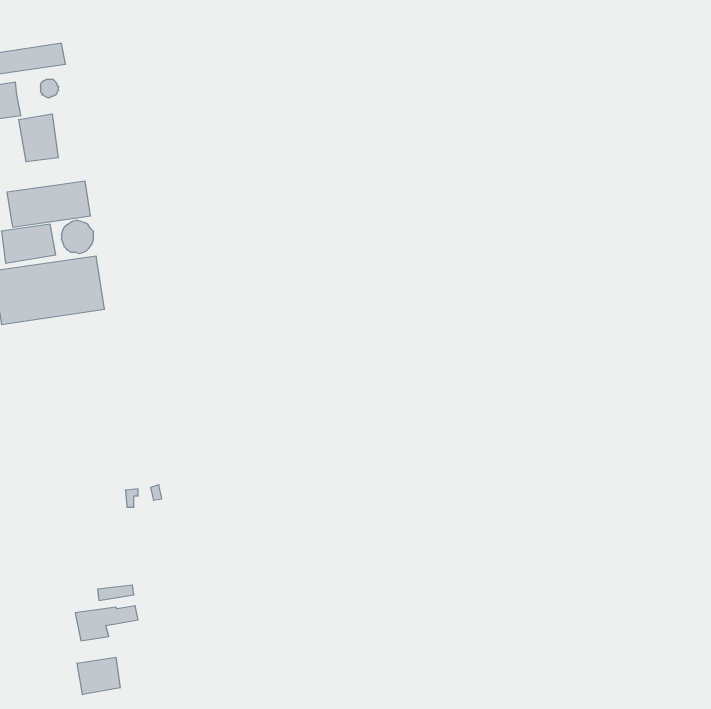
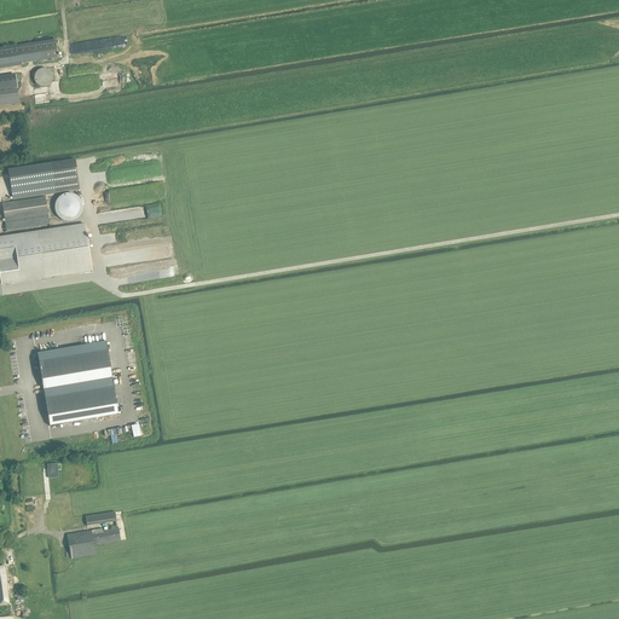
building: [19,114,58,162] -> none
building: none -> [36,339,117,423]
building: [77,657,120,695] -> none

